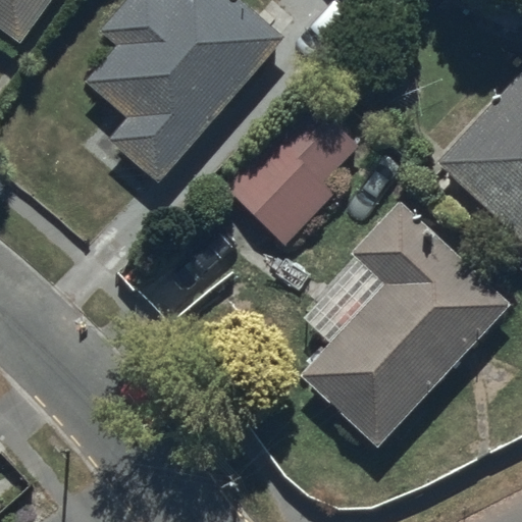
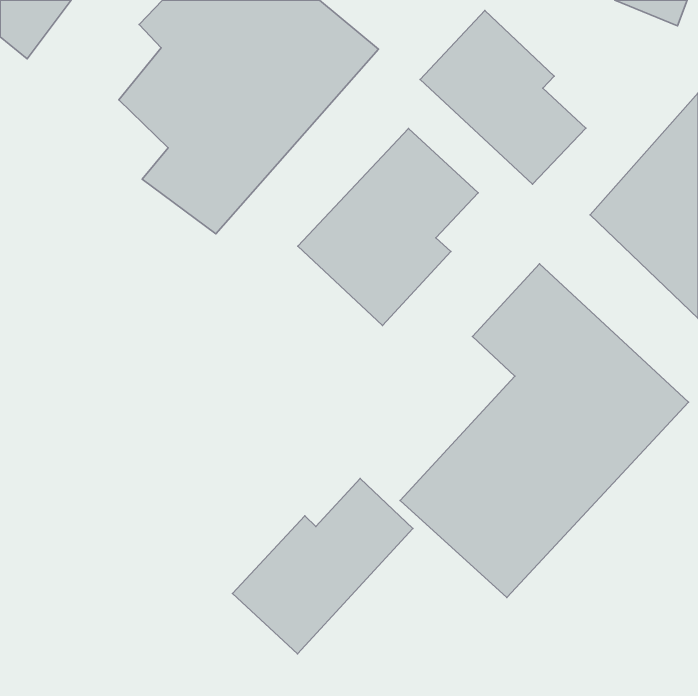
building: none -> [420,10,586,184]
building: none -> [232,479,413,654]

